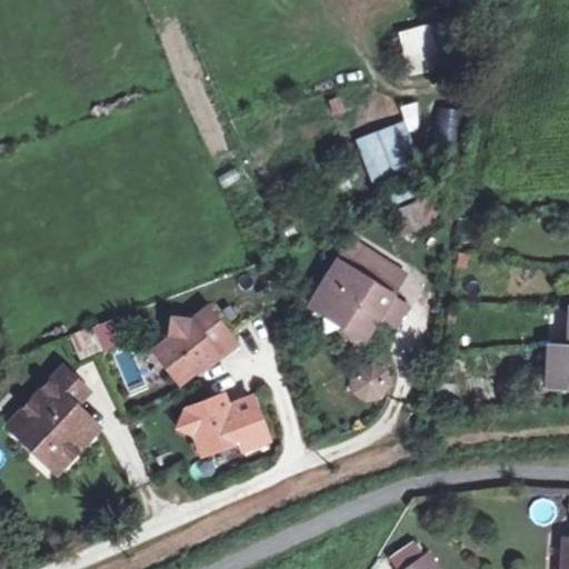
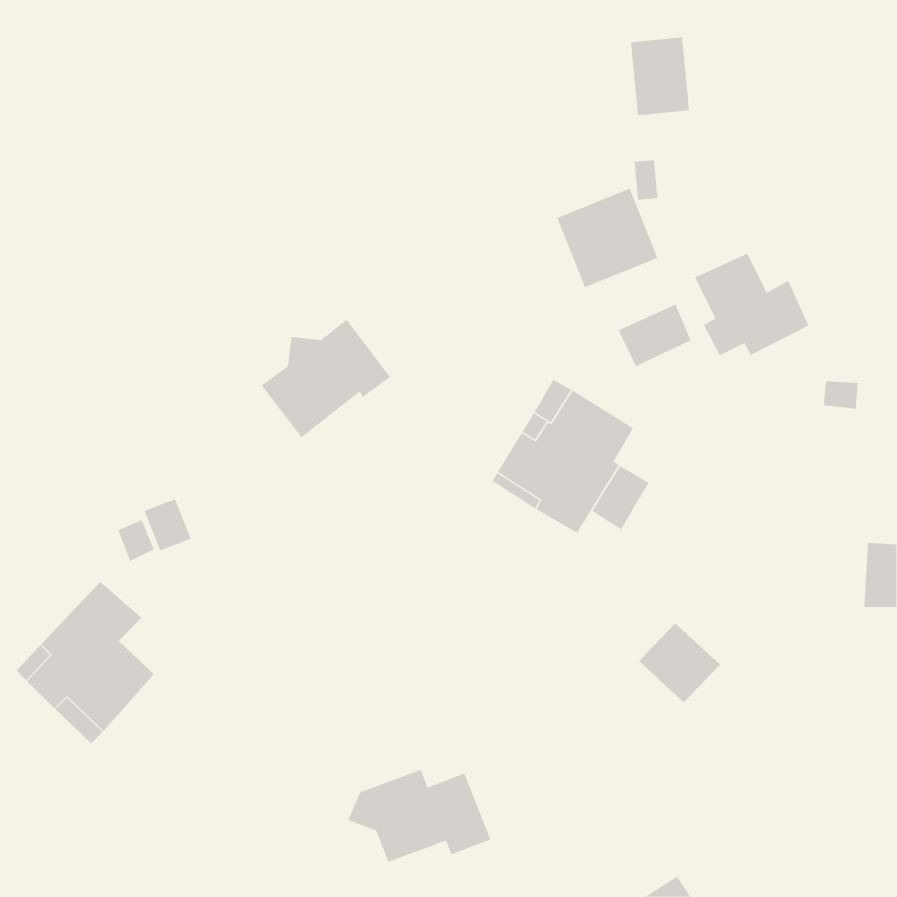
building: none -> [694,253,809,356]
building: [154,307,237,382] -> [261,319,391,438]
building: [343,353,396,405] -> [638,623,721,703]
building: [178,395,269,453] -> [347,769,491,862]

